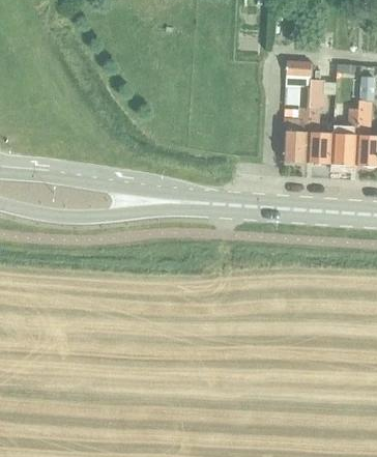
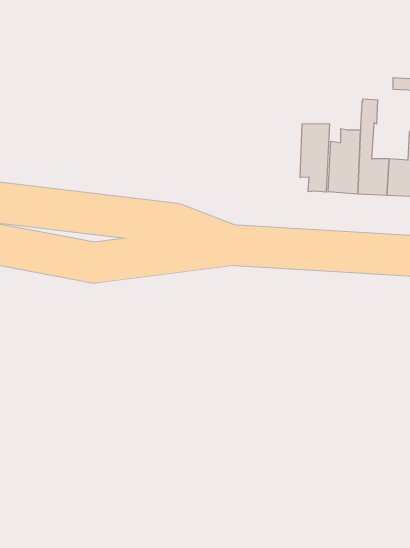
building: [287,59,312,86] -> none
building: none -> [300,124,329,192]

